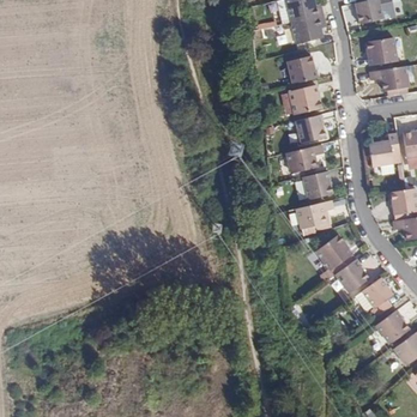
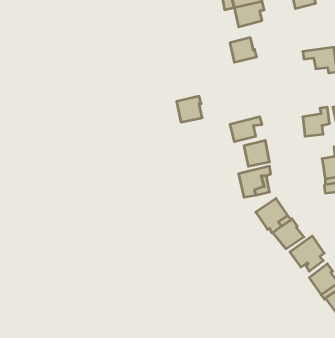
building: [365,36,395,65] -> none
building: [289,84,320,114] -> none
building: [296,114,325,143] -> [177,96,202,122]

